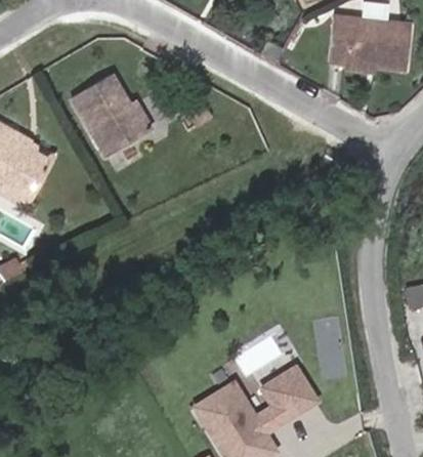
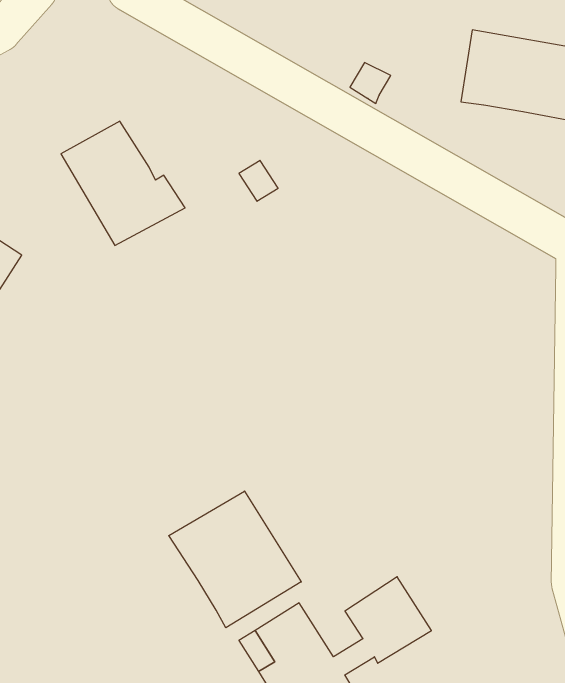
building: none -> [169,491,301,628]

